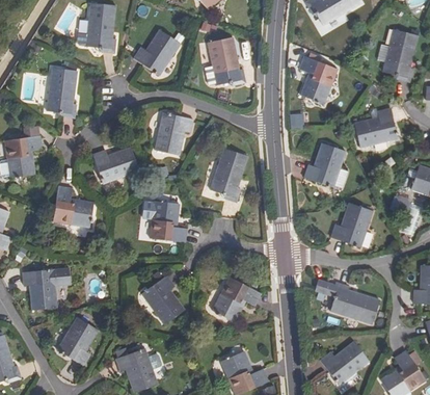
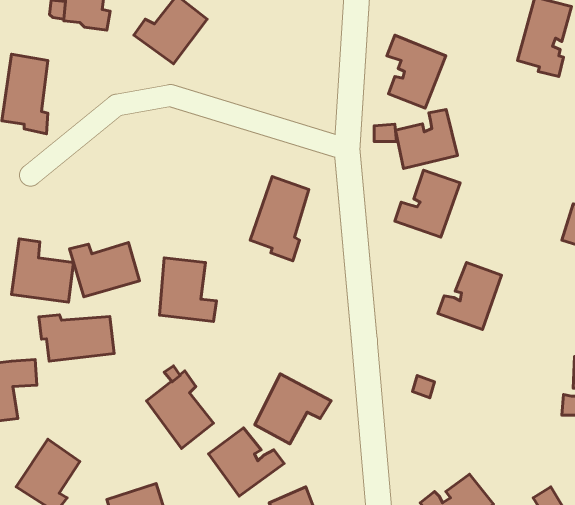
building: [206,36,246,85] -> none
building: [355,108,396,147] -> [395,110,457,168]
building: [156,111,195,155] -> none
building: [91,147,137,182] -> [70,243,140,297]
building: none -> [39,315,114,361]
building: [329,282,378,324] -> none
building: none -> [208,428,284,496]

